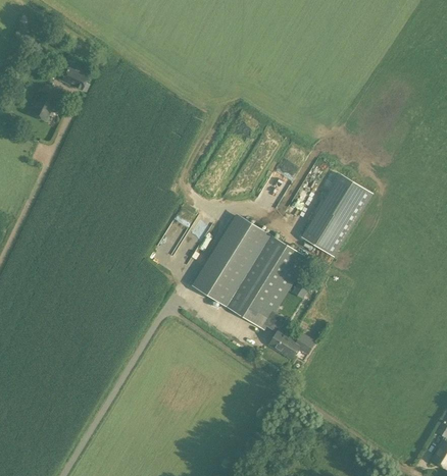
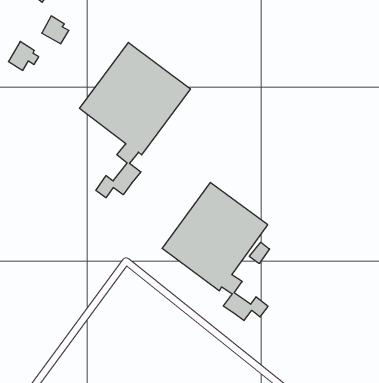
building: none -> [80,42,190,198]
building: [297,172,367,261] -> none

